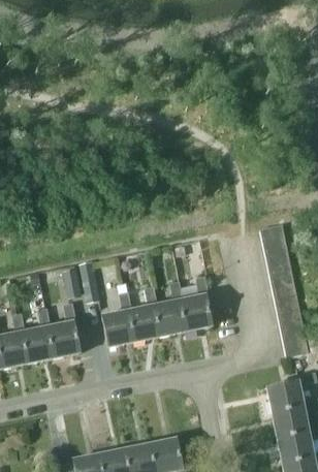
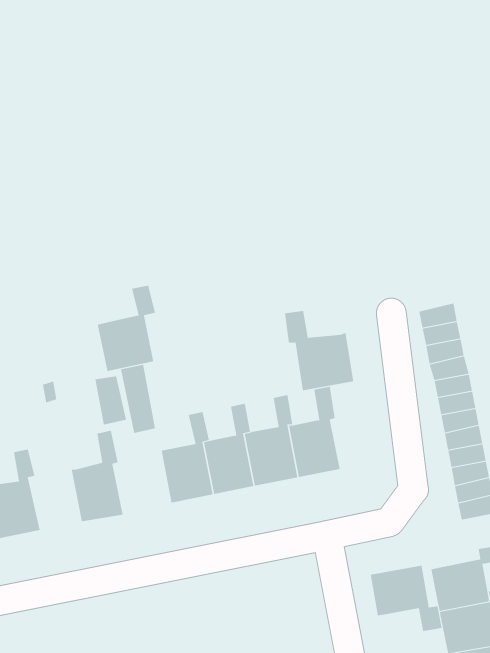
building: none -> [97,285,156,372]
building: none -> [284,310,354,391]
building: [22,306,54,361] -> none
building: none -> [370,565,442,632]

